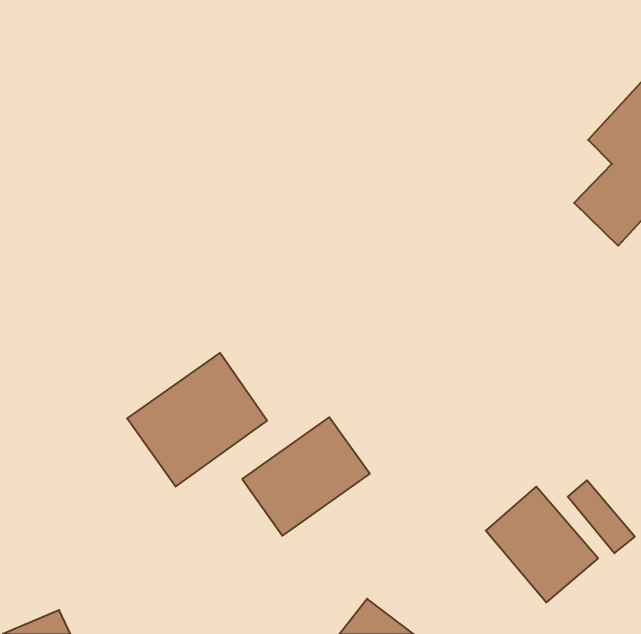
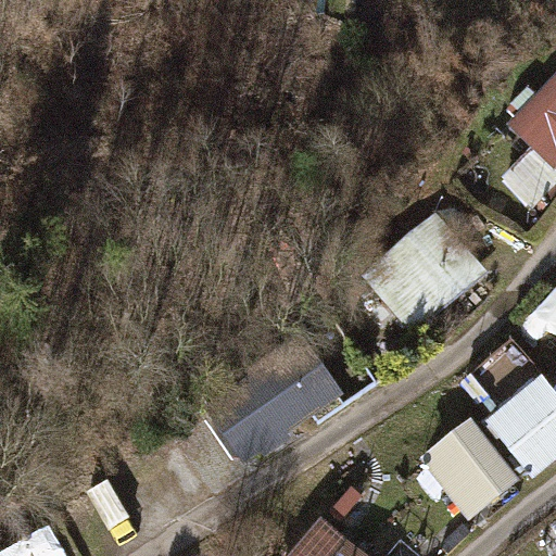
building: none -> [362,211,489,336]
building: [127,353,267,487] -> none

